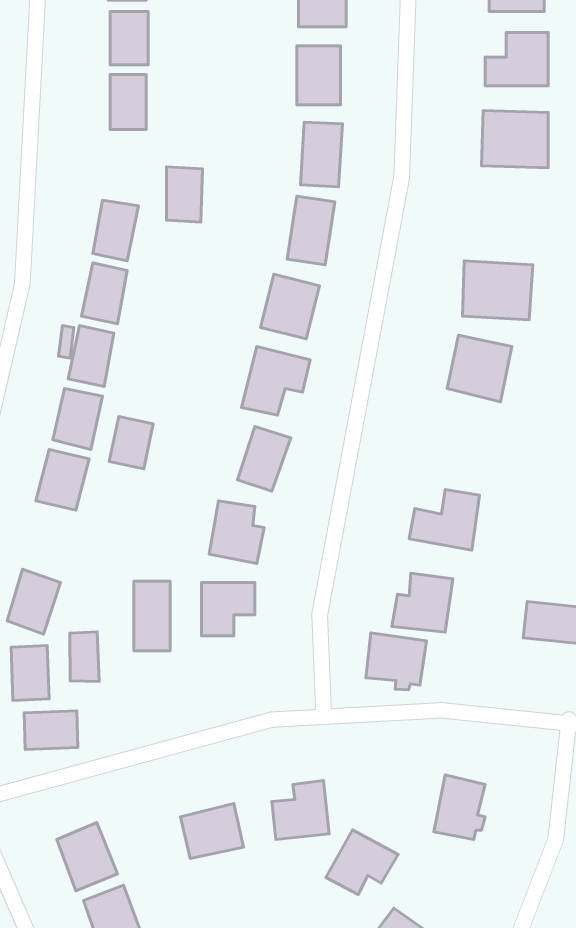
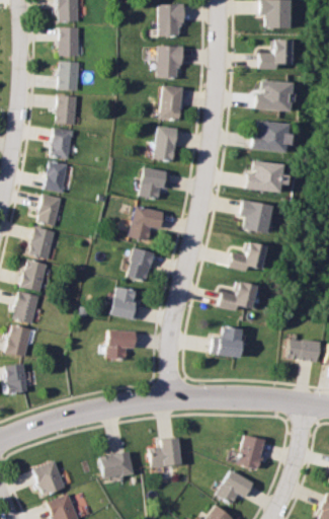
building: [166,167,203,222] -> [58,95,77,125]
building: none -> [254,122,290,150]
building: none -> [230,241,267,272]
building: [109,417,153,469] -> none
building: none -> [13,293,38,324]
building: [134,581,170,651] -> none
building: [70,632,99,681] -> none
building: [366,633,426,690] -> none
building: [24,711,78,749] -> none
building: [326,830,398,895] -> [212,469,250,504]

